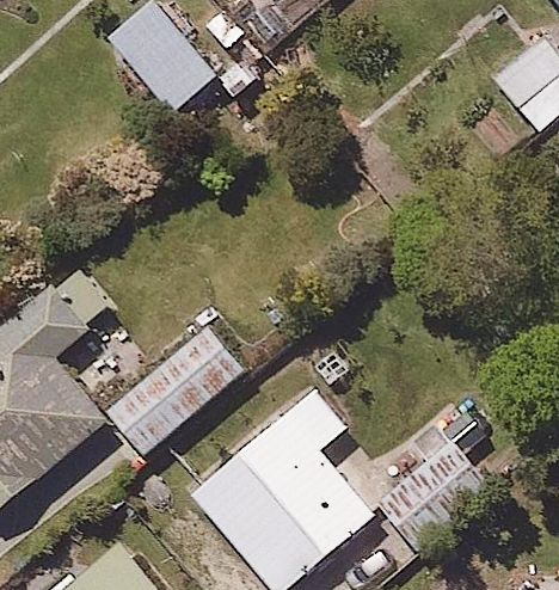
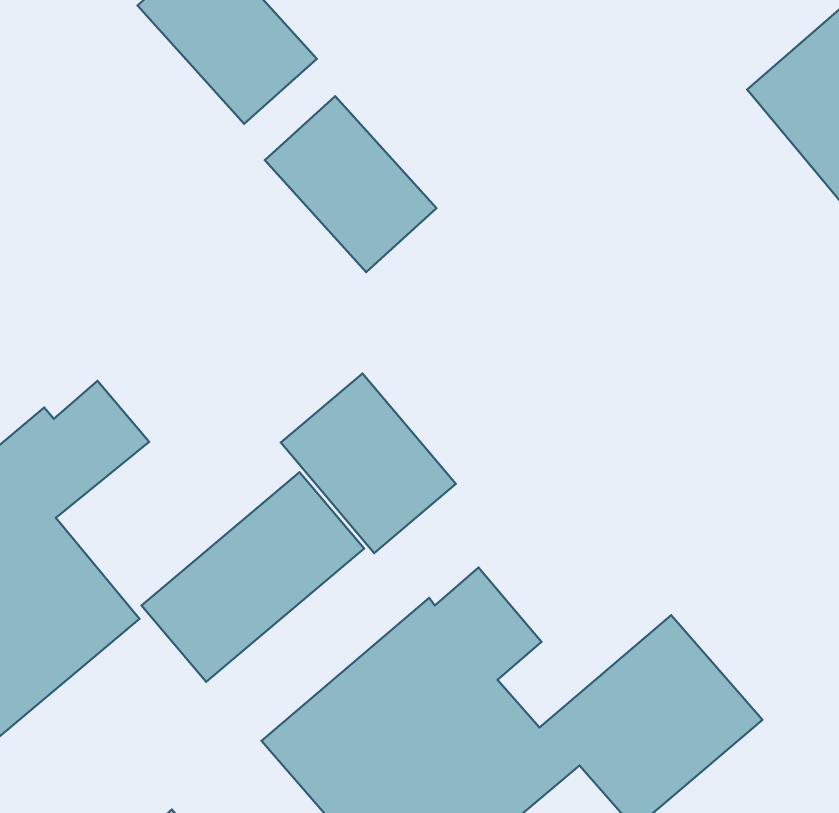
building: none -> [265,96,437,272]
building: none -> [281,373,456,553]

